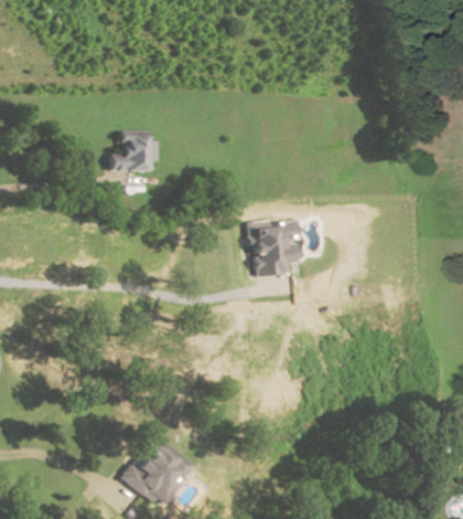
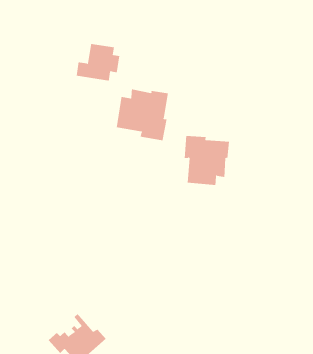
building: none -> [116,89,168,141]

